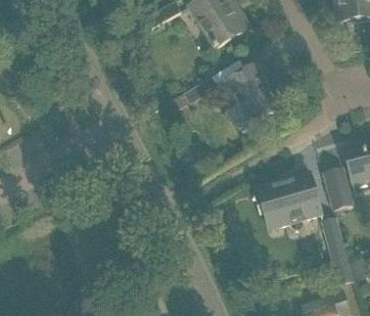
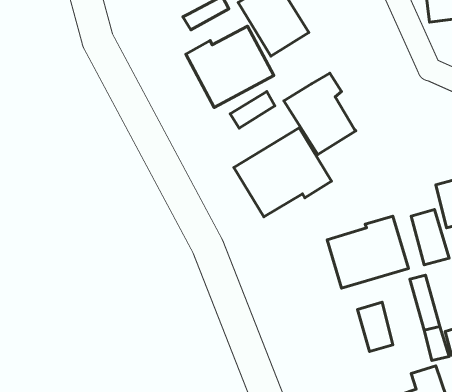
building: none -> [186,26,274,108]
building: none -> [234,128,331,217]
building: none -> [358,302,393,351]

